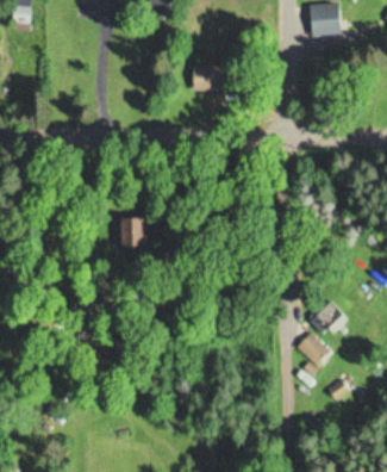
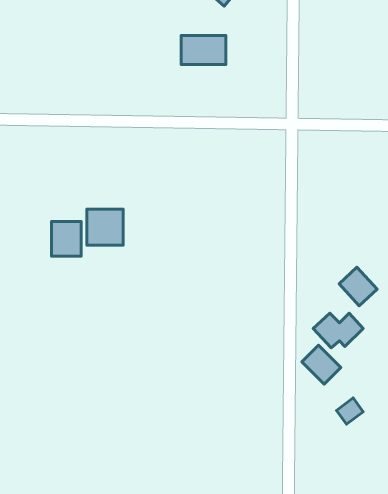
building: none -> [51,221,81,256]
building: none -> [339,267,377,306]

